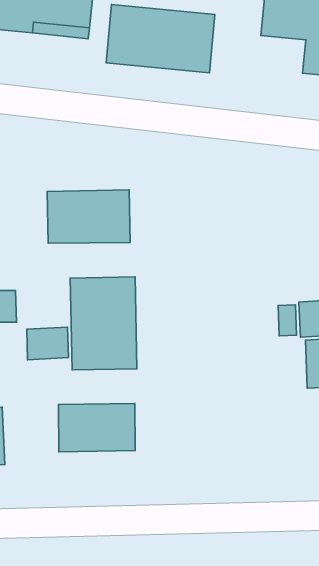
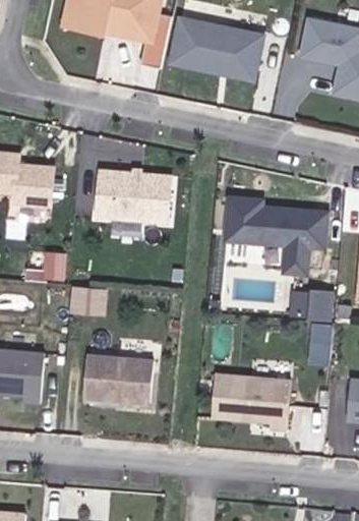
building: none -> [227,195,327,275]
building: [70,277,137,370] -> none
building: none -> [213,372,292,428]

